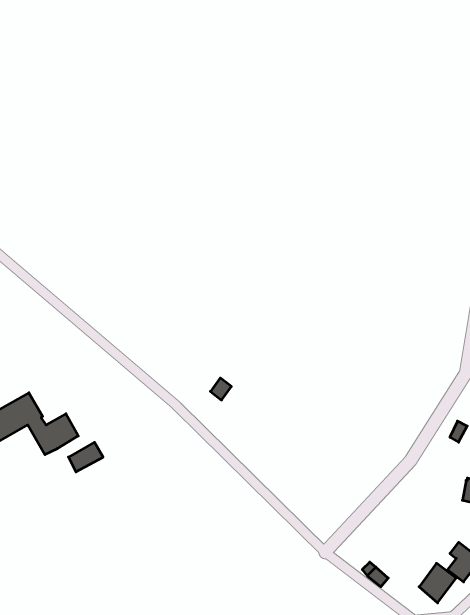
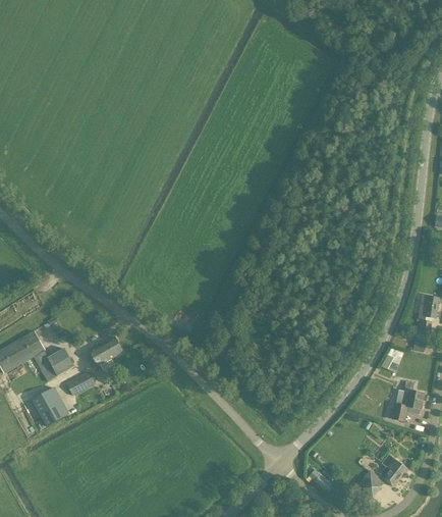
building: none -> [88,335,122,367]
building: none -> [31,385,68,425]

